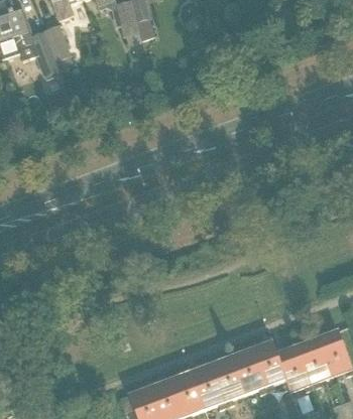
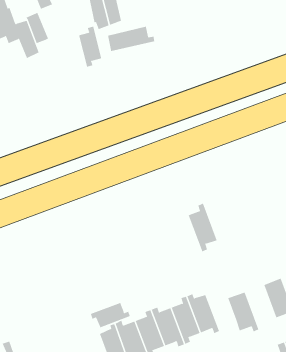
building: none -> [107,26,155,52]
building: none -> [79,26,102,68]
building: [250,333,284,390] -> [188,203,218,252]
building: [296,336,331,388] -> none
building: none -> [90,302,131,328]

